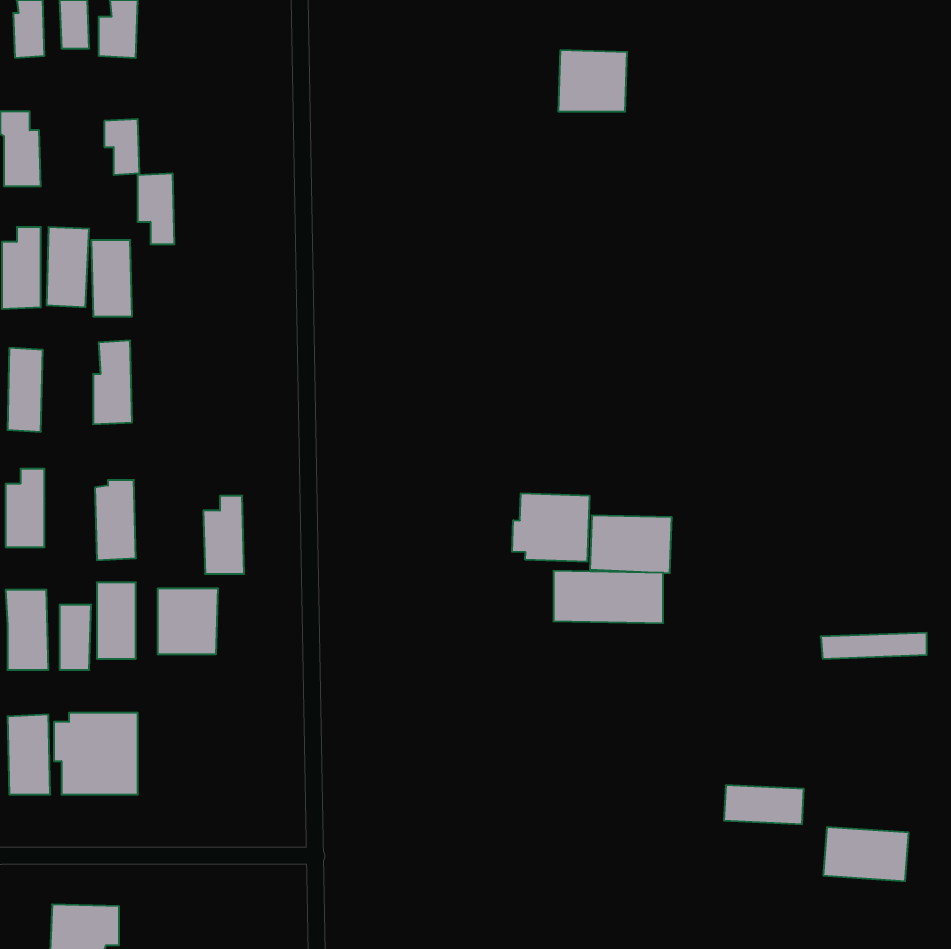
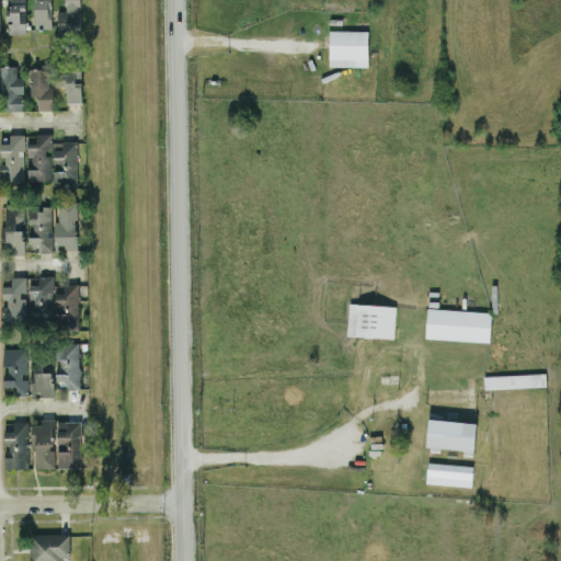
building: [137,173,175,244] -> [31,69,53,111]
building: none -> [28,206,53,253]
building: [512,493,589,562] -> none
building: [203,496,244,574] -> [30,277,54,323]
building: [553,571,663,623] -> [426,310,491,341]
building: [158,588,218,655] -> none
building: [823,827,909,881] -> [426,420,477,451]

